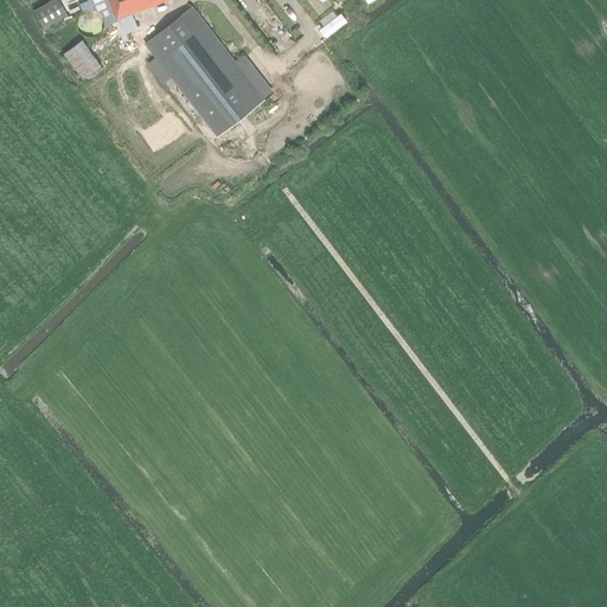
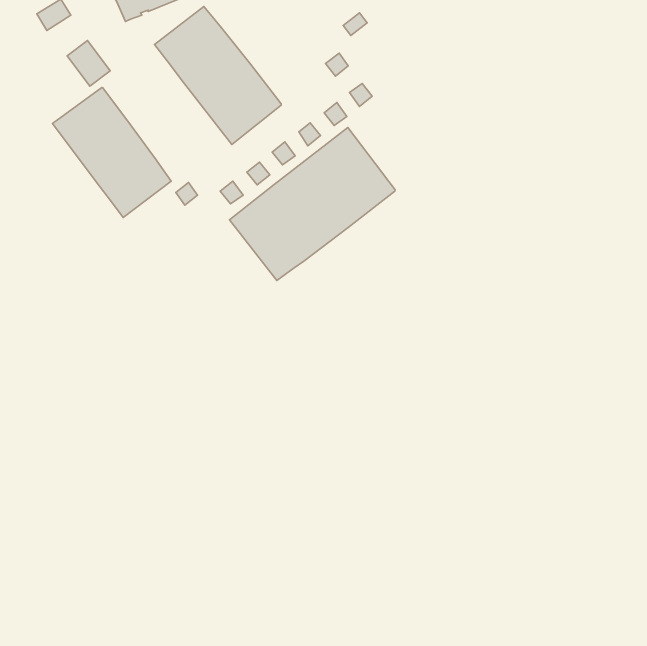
building: none -> [53,88,171,217]
building: none -> [229,127,395,281]

